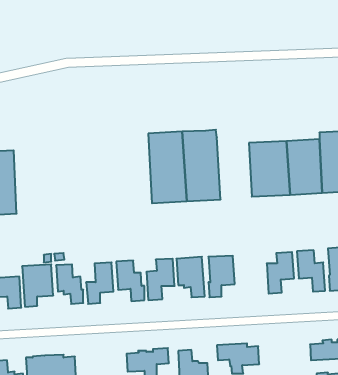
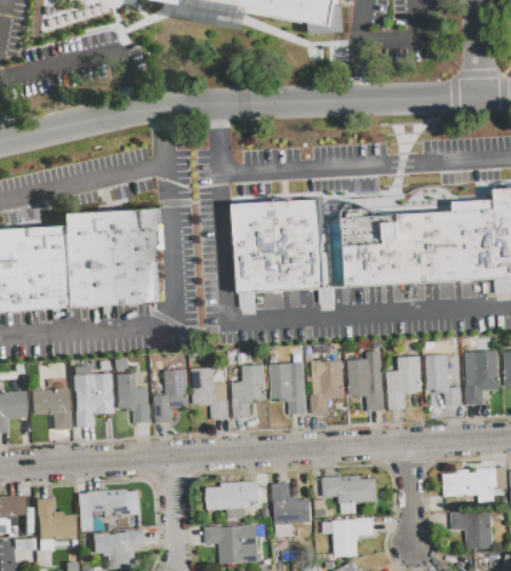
building: none -> [322,206,367,289]
building: none -> [58,207,159,307]
building: none -> [347,359,384,412]

